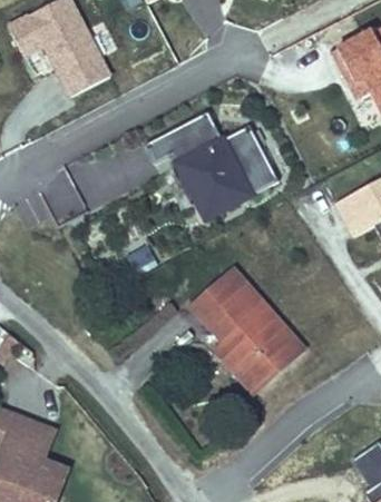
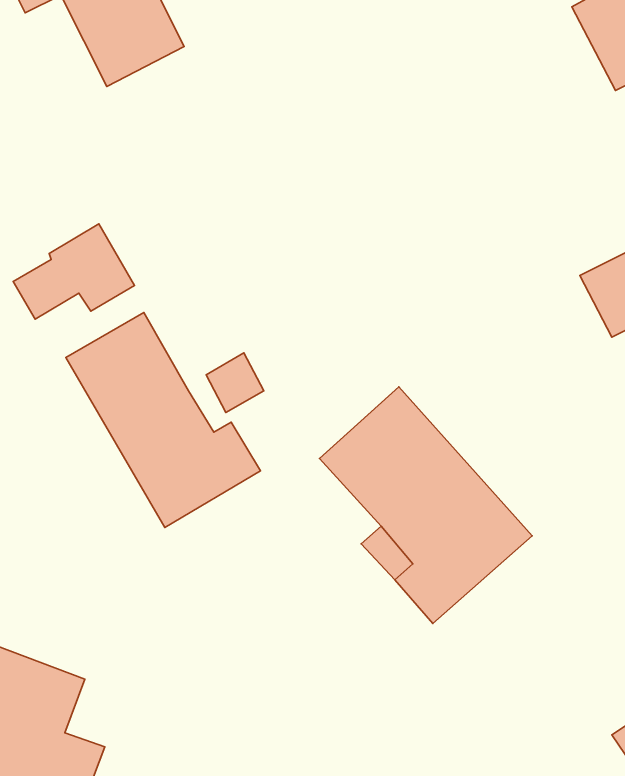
building: [145,112,281,222] -> none
building: none -> [66,313,261,527]

